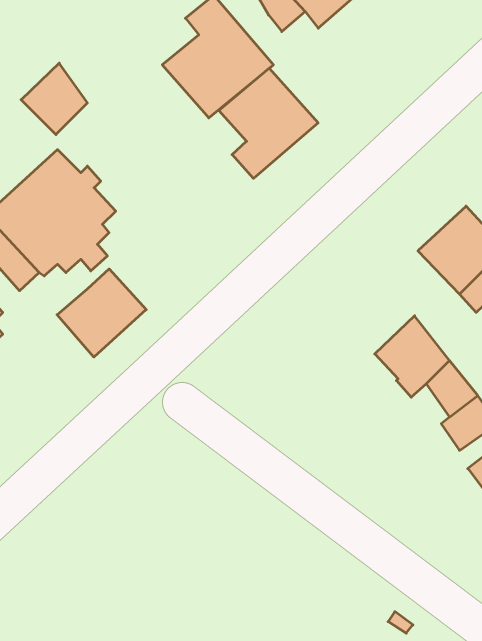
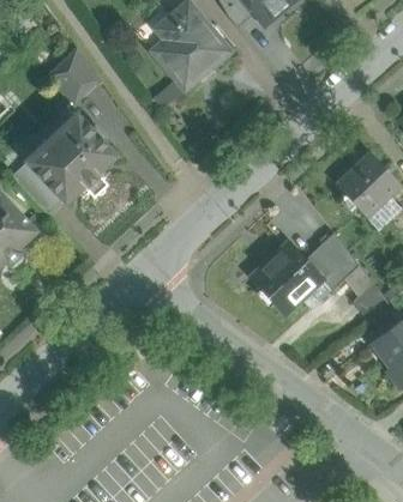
building: [219,68,318,178] -> none
building: [57,269,146,357] -> none
building: none -> [252,243,321,314]

